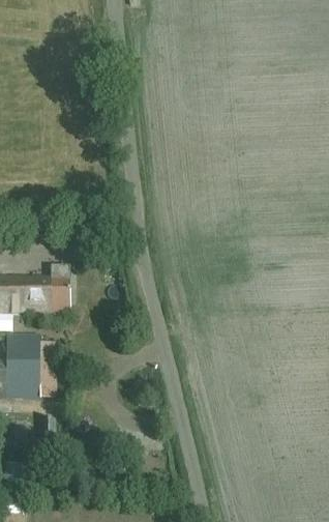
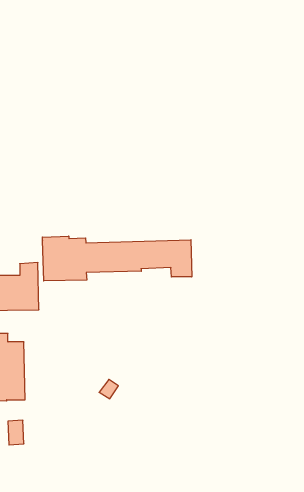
building: none -> [42,236,192,281]

